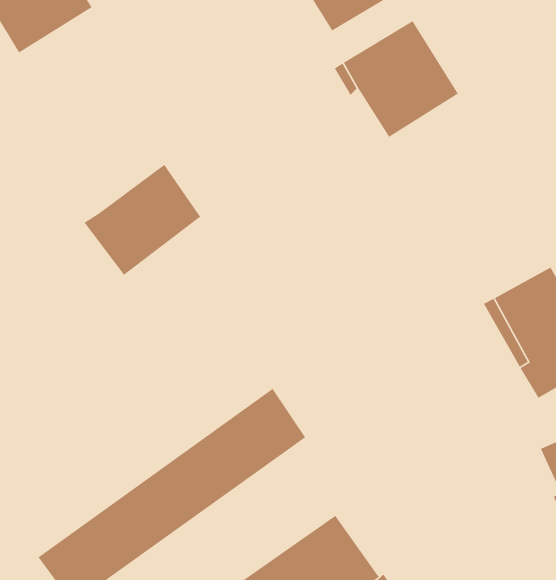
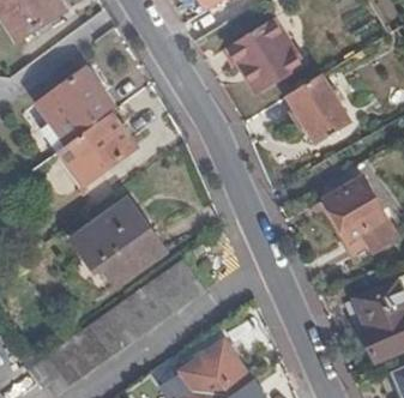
building: none -> [36,68,115,144]
building: none -> [288,76,348,140]
building: none -> [71,198,165,285]

